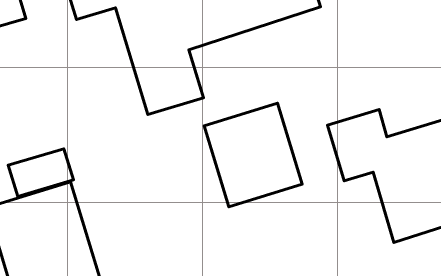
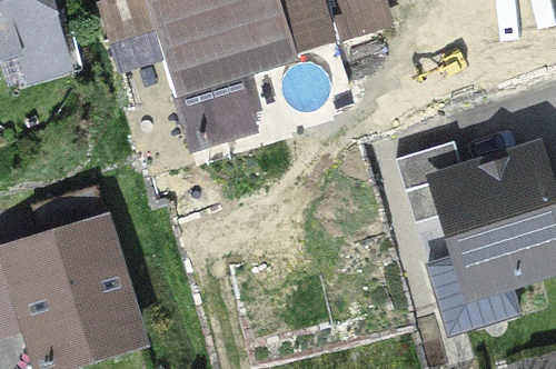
building: [204,103,302,207] -> none

